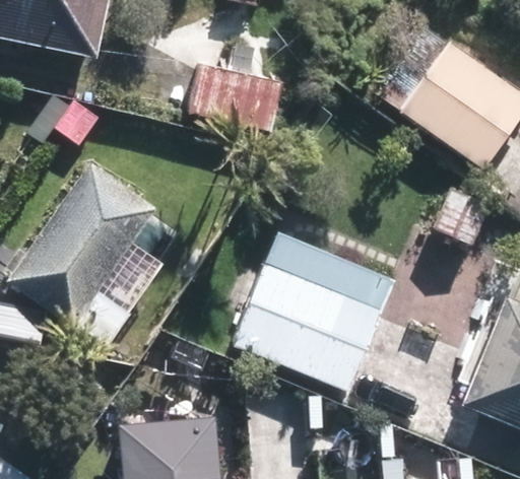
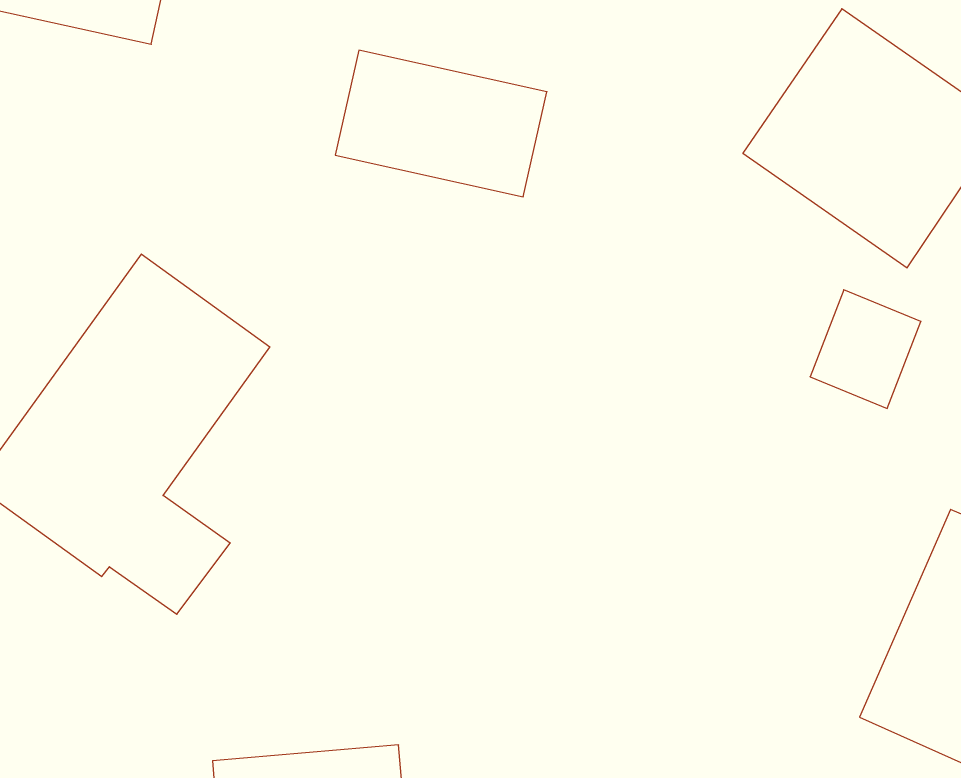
building: [232,231,393,390] -> none

